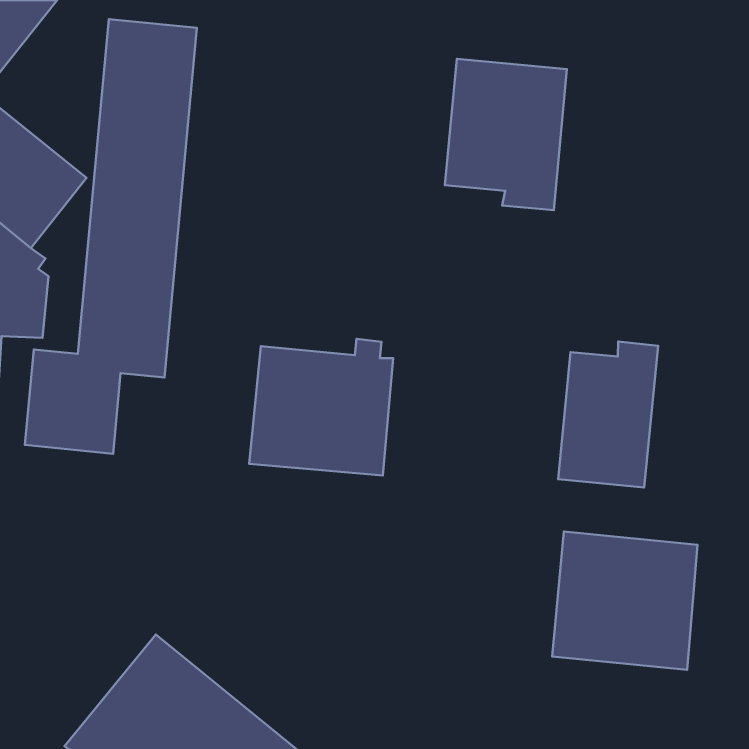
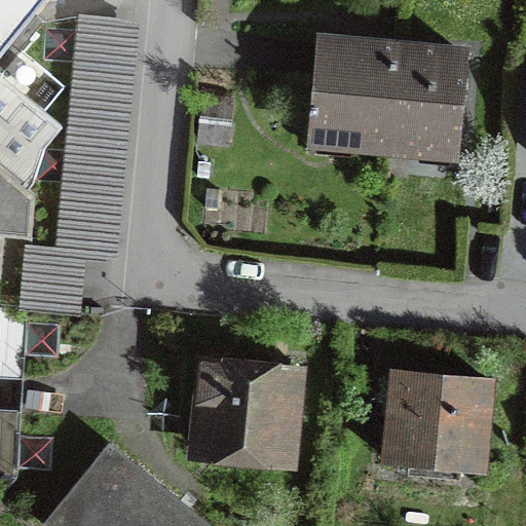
building: none -> [387,49,463,154]
building: [249,339,393,475] -> [195,360,296,455]
building: [558,341,658,488] -> none

